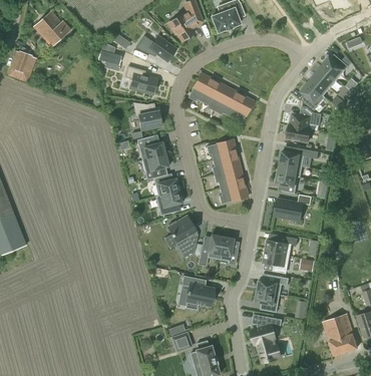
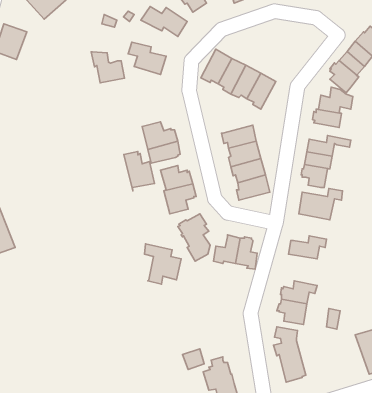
building: [132,102,161,129] -> [91,52,124,83]
building: none -> [124,152,155,191]
building: [262,251,289,273] -> none
building: [181,275,214,310] -> [144,244,181,284]

